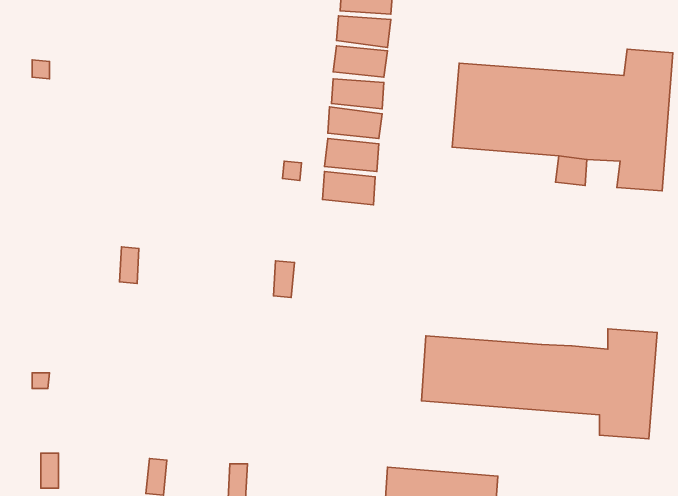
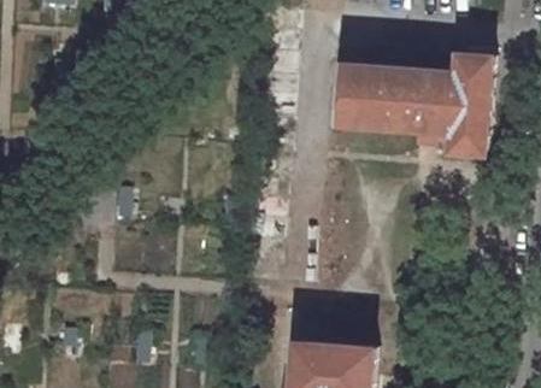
building: [421,329,657,439] -> none

